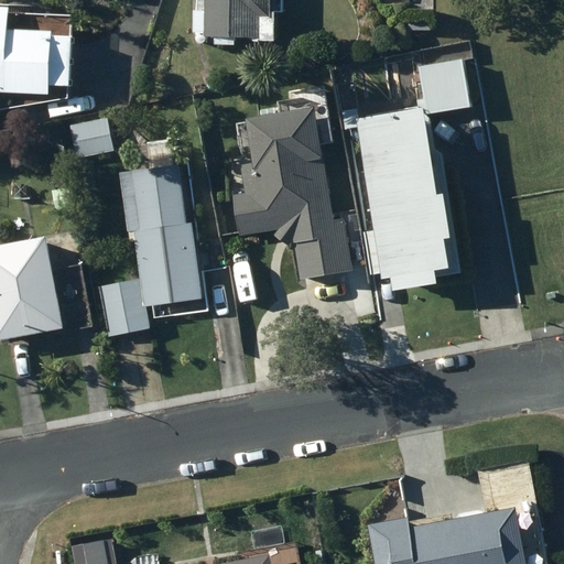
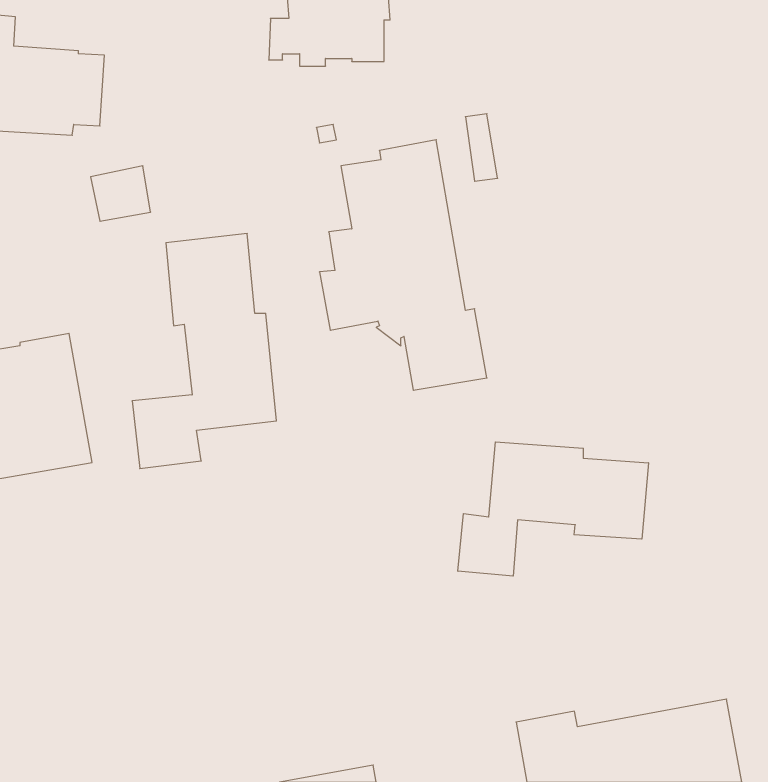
building: [357,44,468,282] -> none
building: none -> [458,442,648,576]

